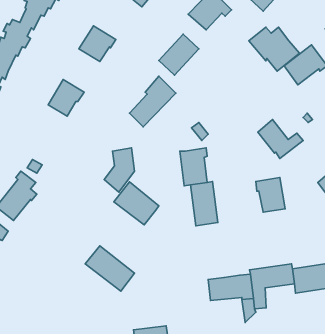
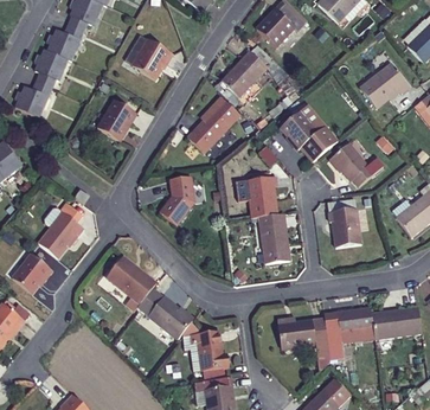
building: [249,27,299,71] -> [283,109,340,159]
building: [114,182,159,225] -> [105,255,156,303]
building: none -> [191,328,226,370]

